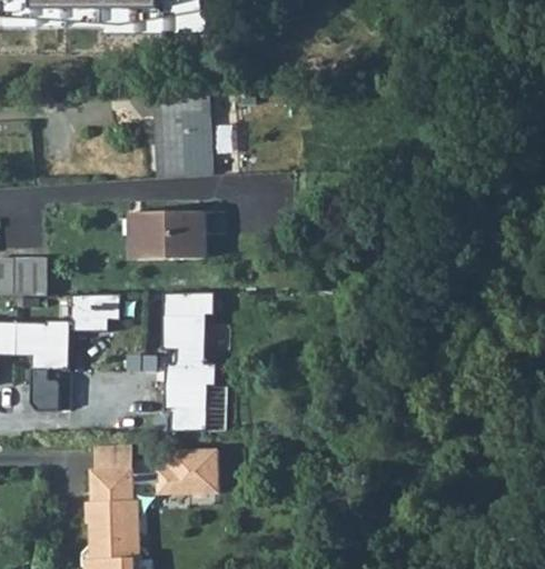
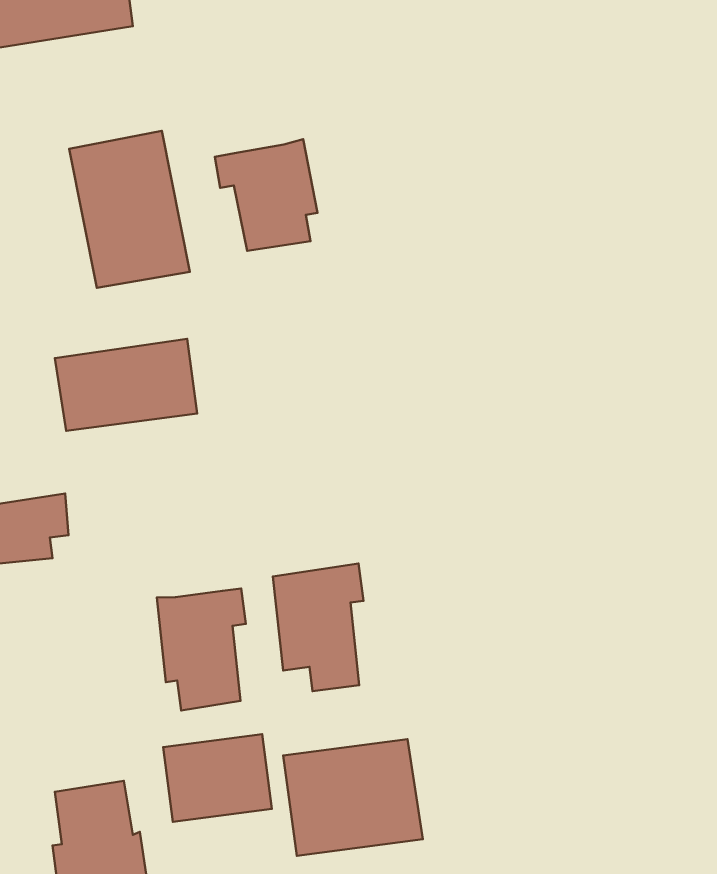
building: none -> [215,139,318,251]
building: [162,291,215,362] -> [273,563,363,691]
building: none -> [283,739,423,856]

